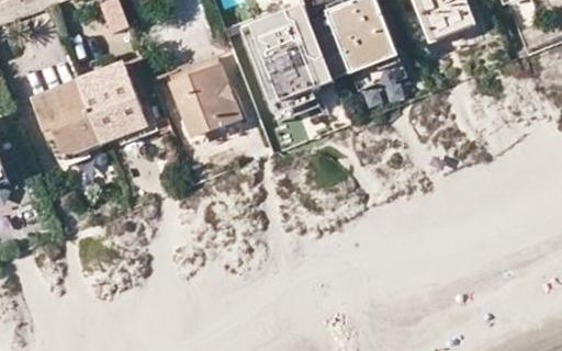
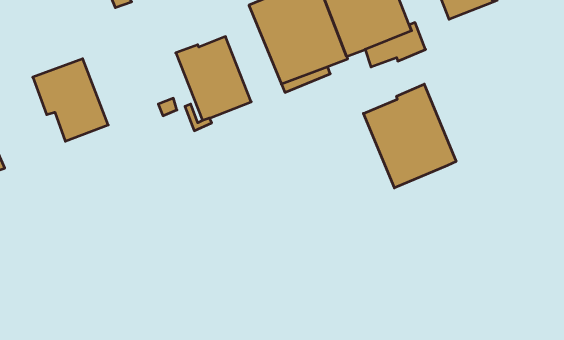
building: [82,61,150,140] -> none
building: none -> [363,84,456,188]

